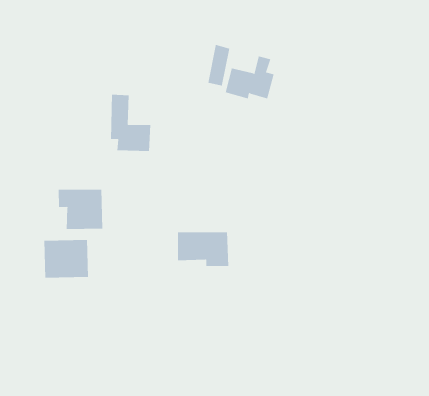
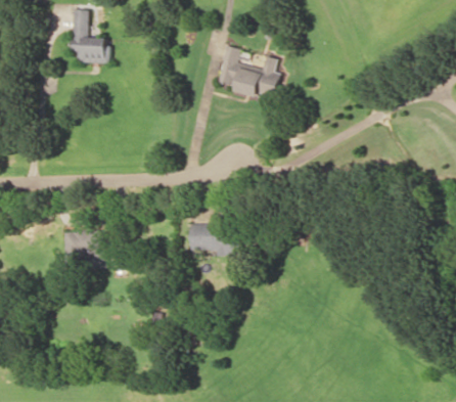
building: [110,94,151,151] -> [71,9,109,63]
building: [58,189,103,230] -> none

